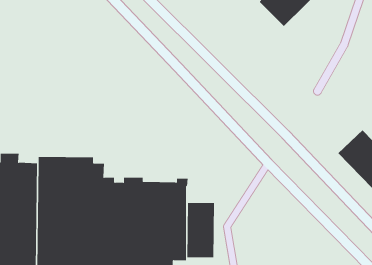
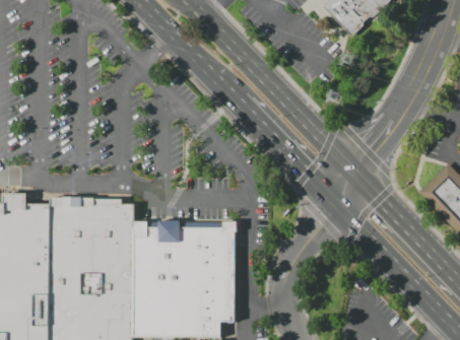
building: [187,202,215,258] -> none

